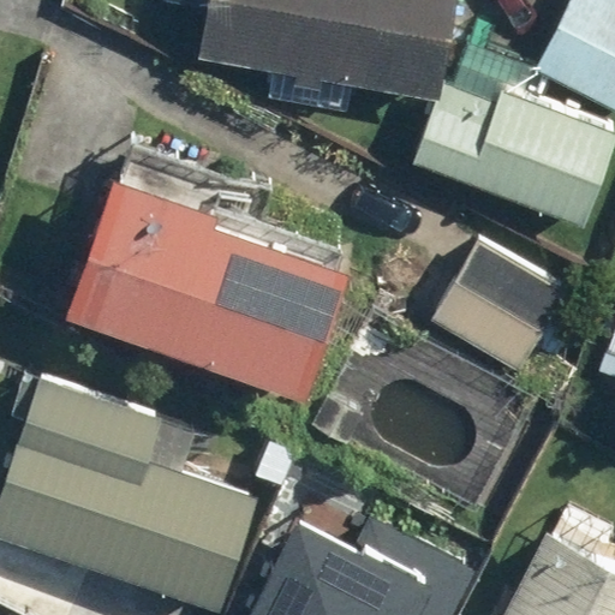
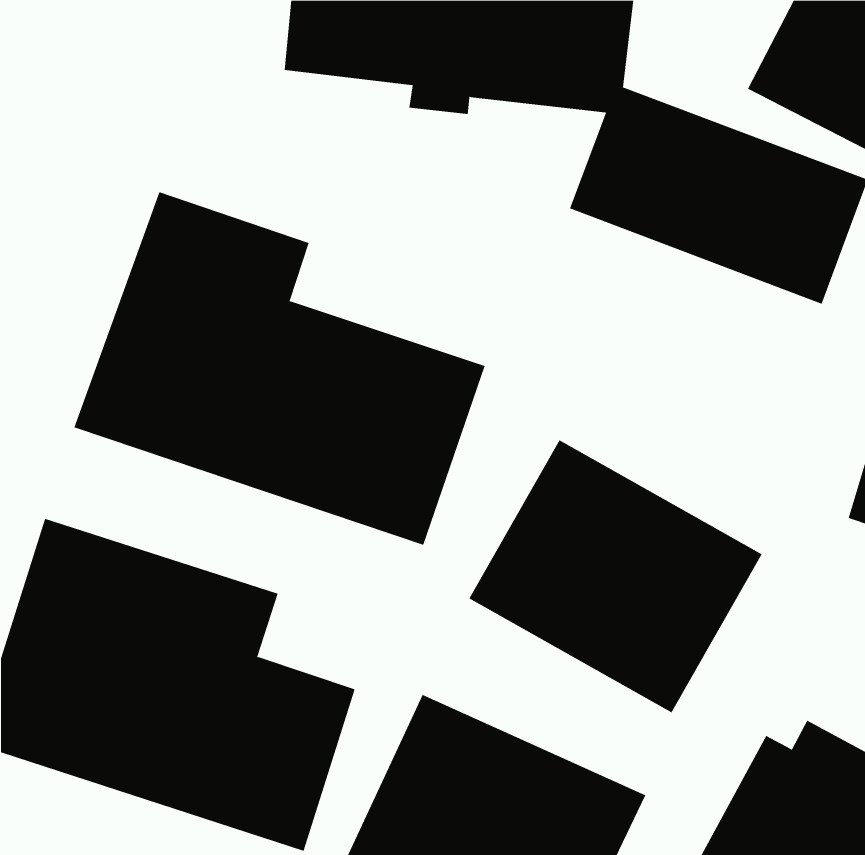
building: [437,246,577,375] -> none

